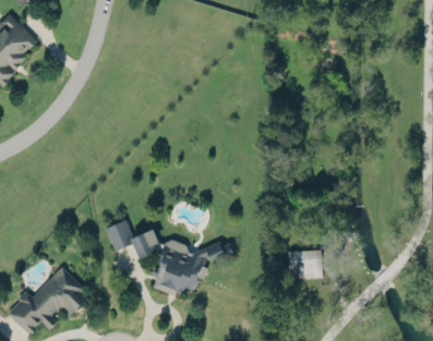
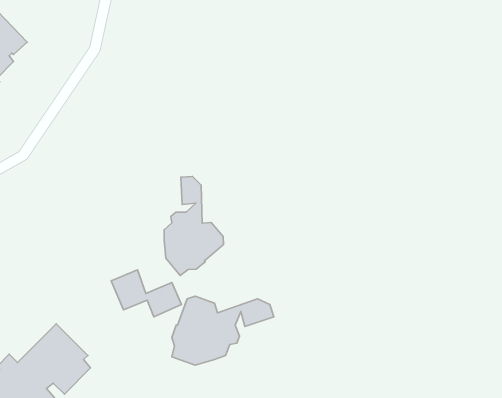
building: none -> [164,177,223,275]
building: [288,249,322,278] -> none

